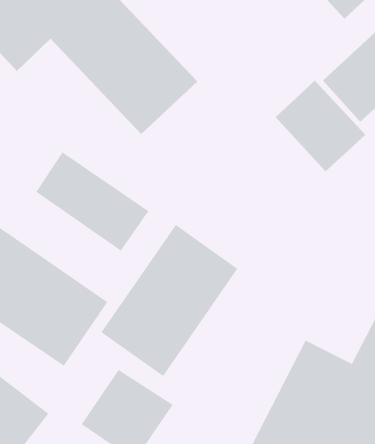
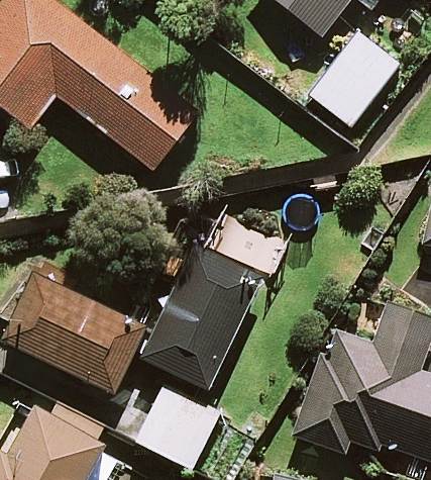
building: [275,80,366,172] -> none
building: [35,151,149,252] -> none

